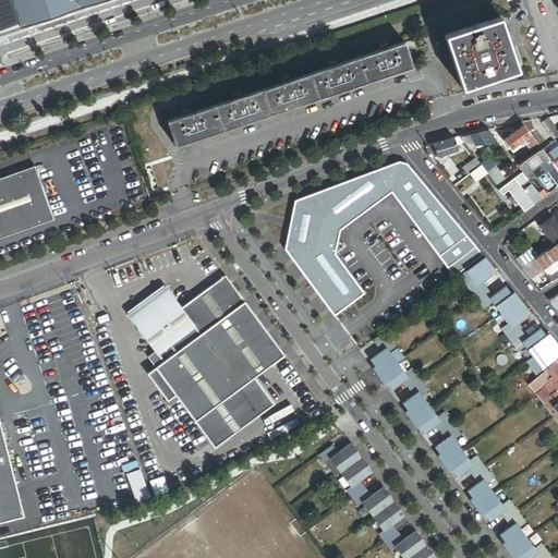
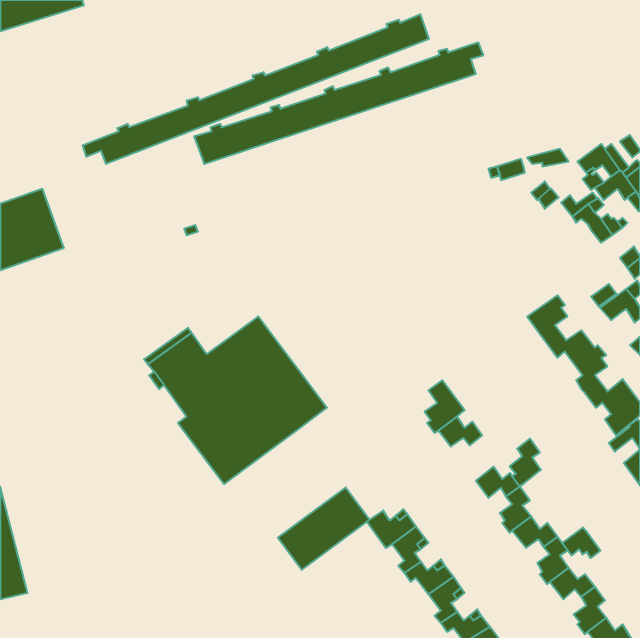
building: none -> [83,14,429,164]
building: [447,16,520,88] -> none
building: [287,162,478,316] -> none
building: [195,379,275,451] -> [278,487,369,570]
building: [402,380,429,422] -> [510,439,541,486]
building: none -> [562,527,600,558]

